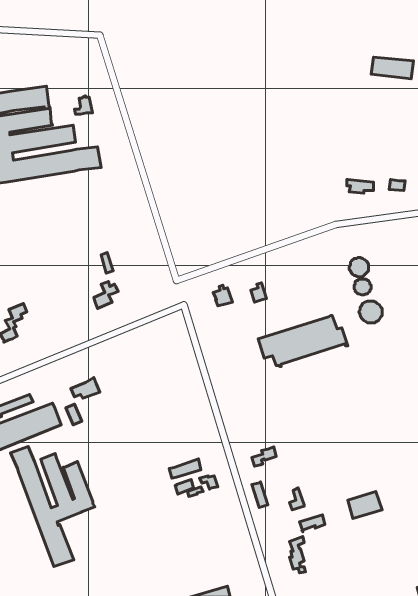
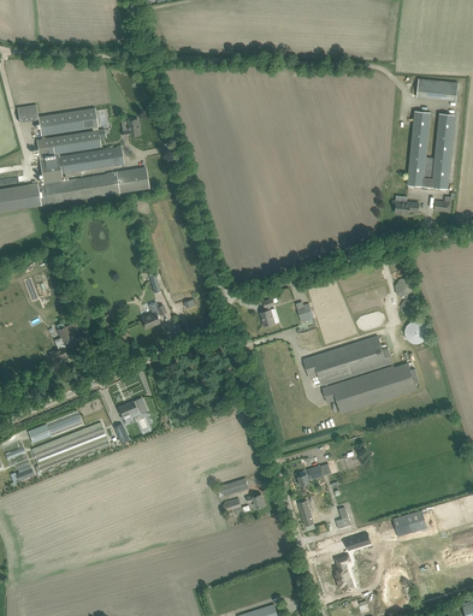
building: none -> [408,111,455,189]
building: none -> [323,362,419,414]
building: [11,447,95,566] -> none

